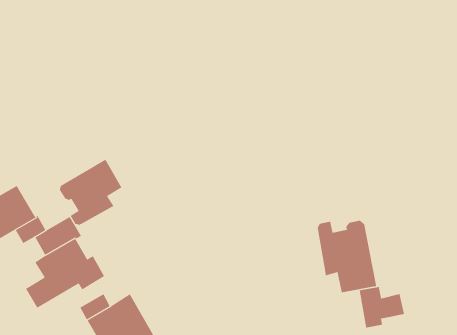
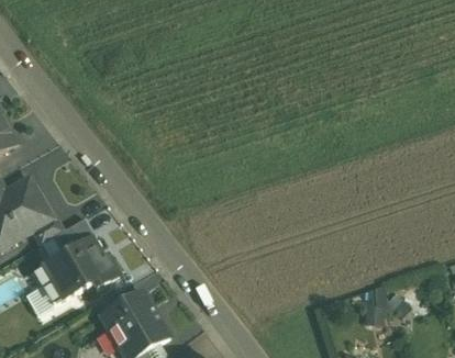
building: [59,159,122,226] -> none
building: [317,220,377,293] -> none

